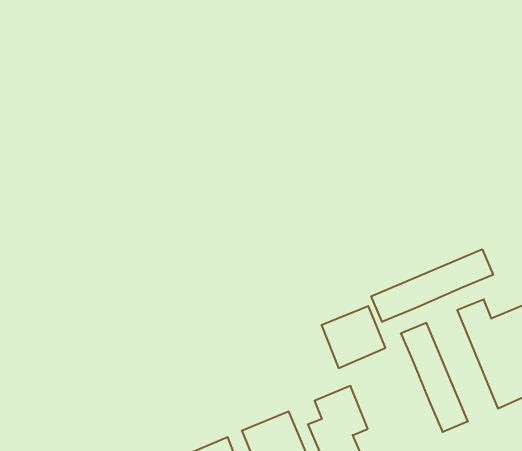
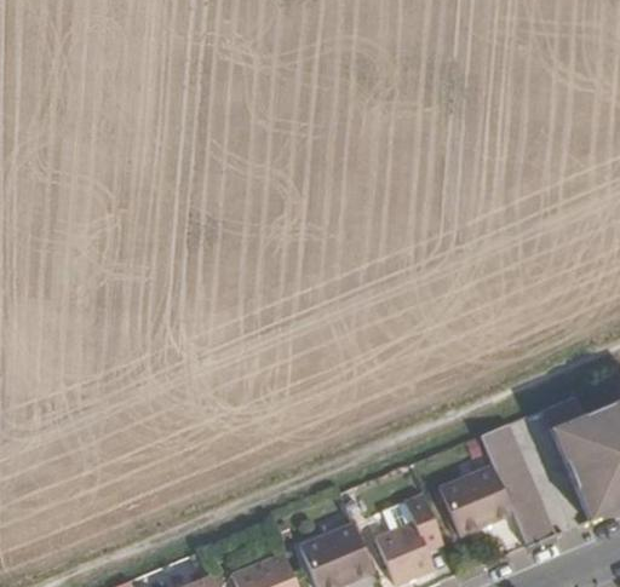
building: [371,249,493,322] -> none
building: [321,306,385,368] -> [440,466,512,536]

